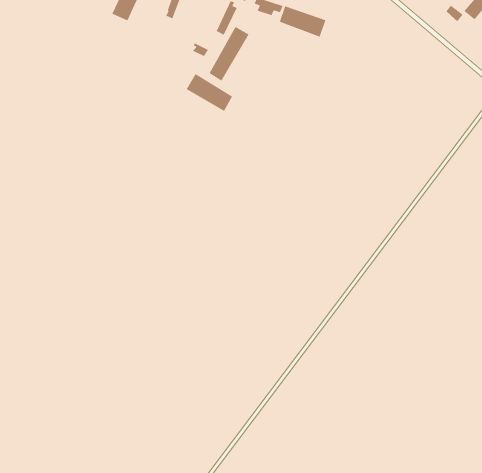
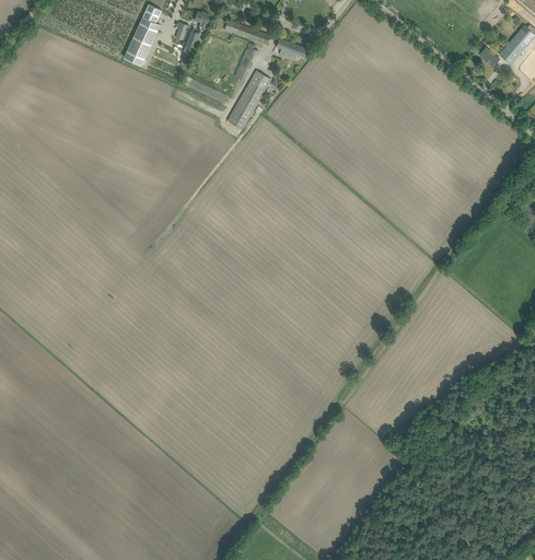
building: [279,6,326,37] -> none
building: [186,73,233,112] -> none

